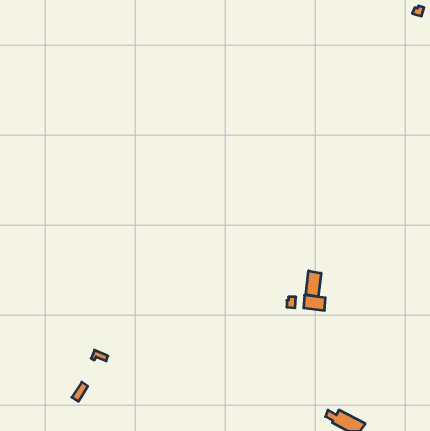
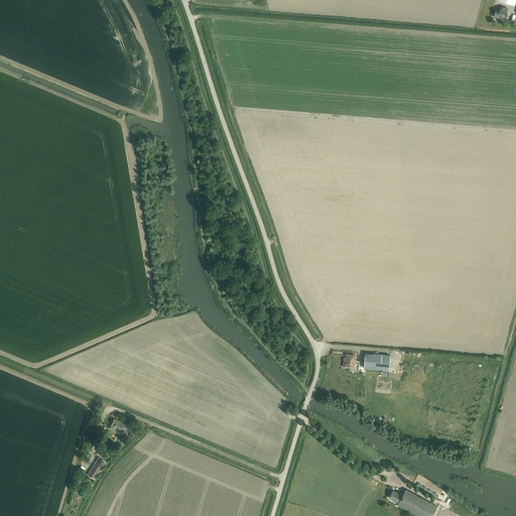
building: [306,271,321,297] -> none

